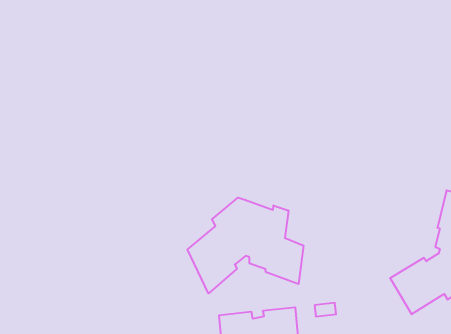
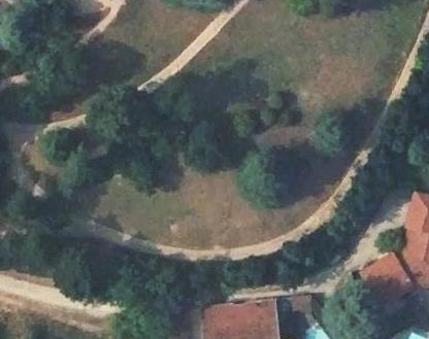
building: [188,198,303,293] -> none

